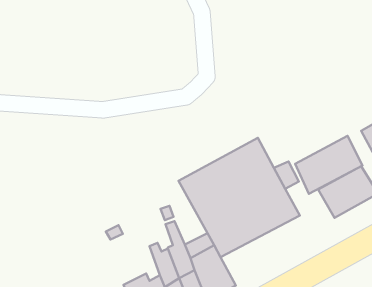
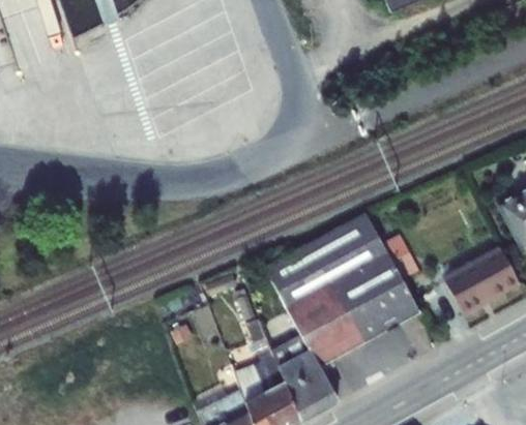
building: [295,136,363,194] -> none

